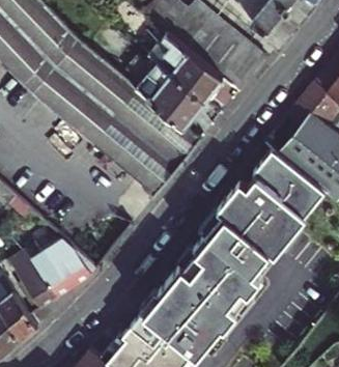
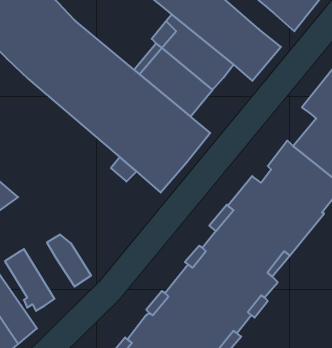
building: [26,243,74,295] -> none

